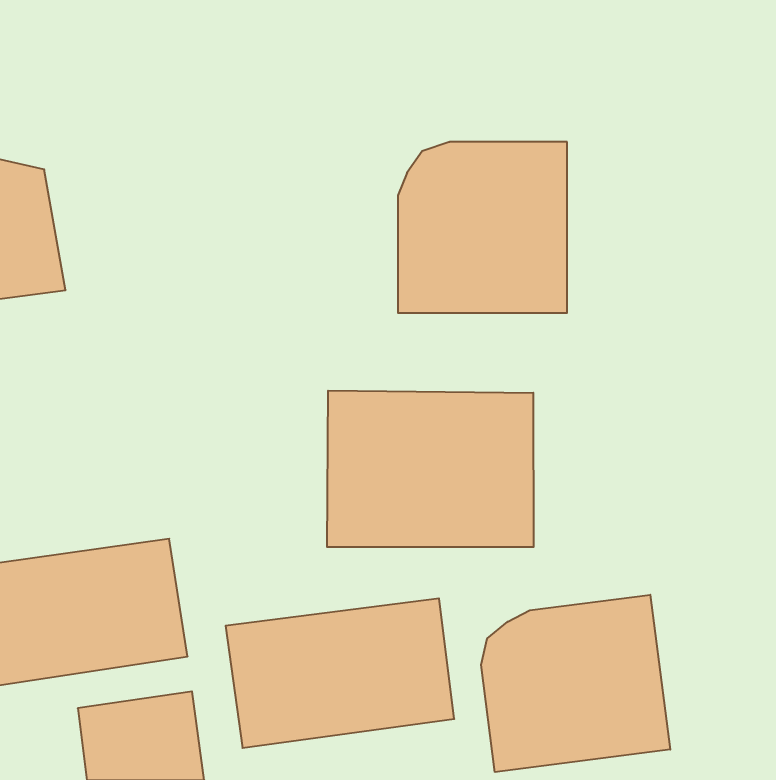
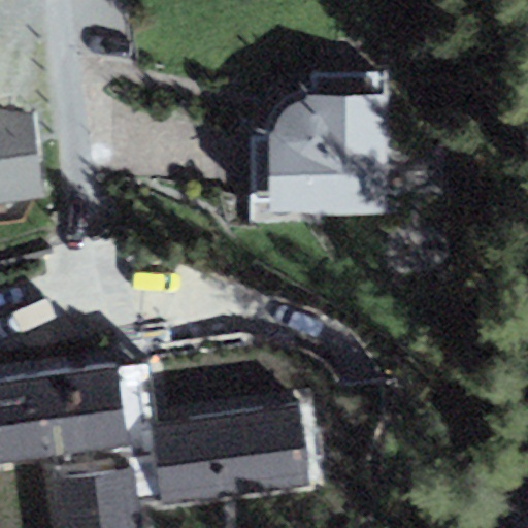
building: [327,391,534,547] -> none
building: [481,595,670,772] -> none

